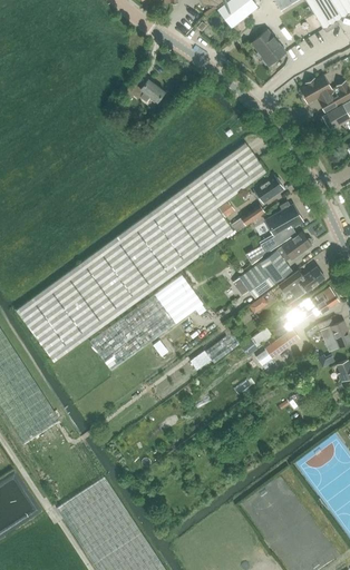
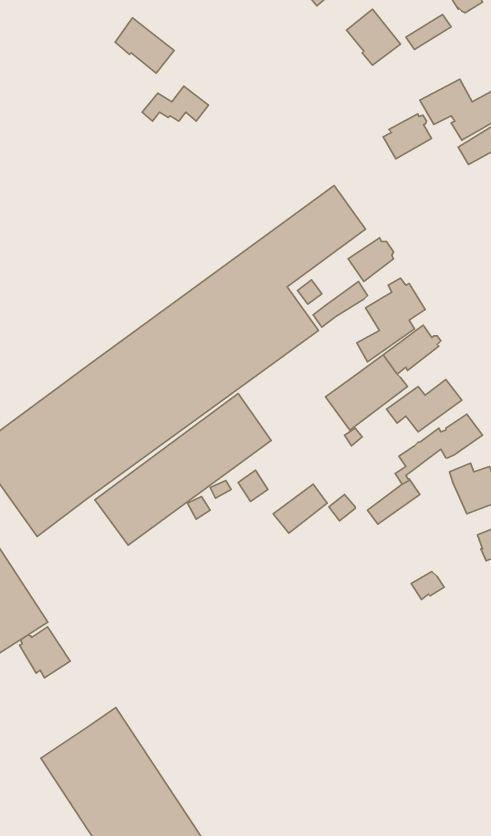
building: none -> [115,18,174,73]
building: none -> [383,114,432,159]
building: none -> [19,627,70,678]

